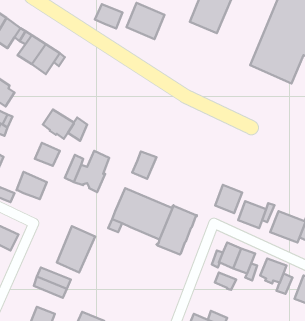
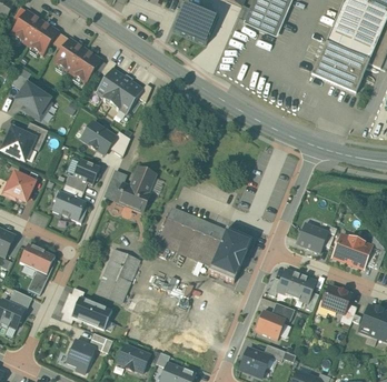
building: [95,4,122,29] -> none
building: none -> [96,67,143,113]
building: [132,151,157,179] -> none
building: [215,185,242,213] -> none
building: none -> [255,309,285,339]

